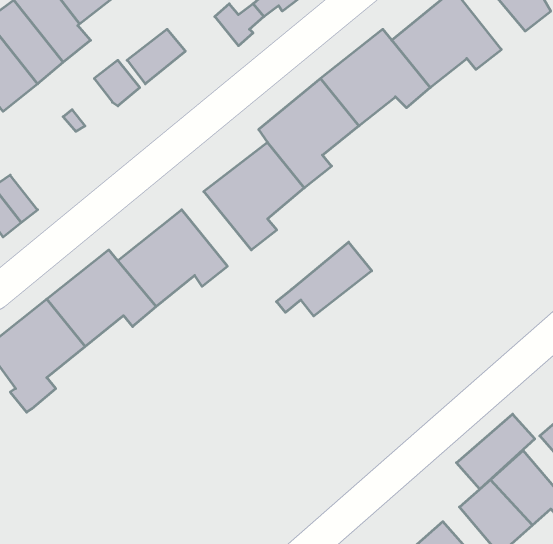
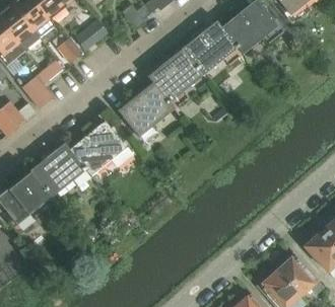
building: none -> [22,75,55,109]
building: [276,242,372,316] -> none
building: [456,414,535,489] -> none

